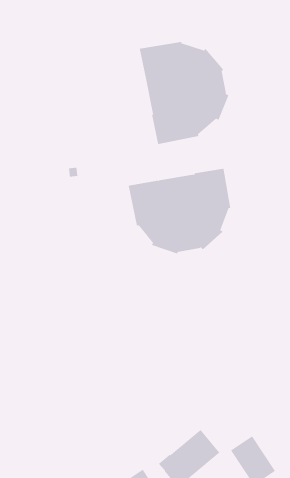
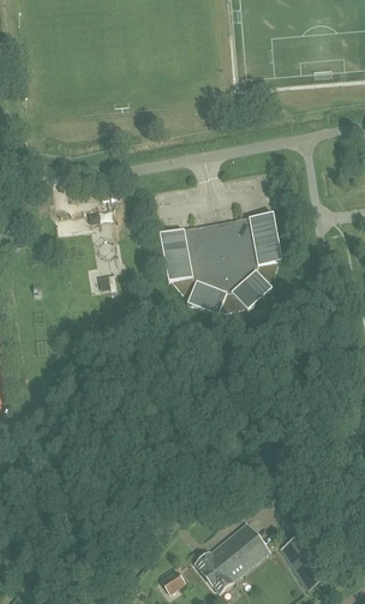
building: [139,41,229,145] -> none

